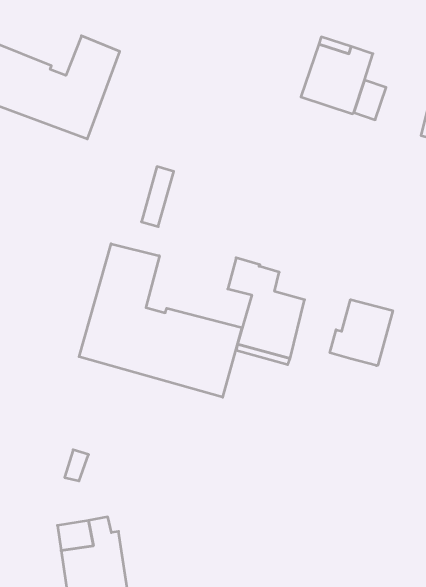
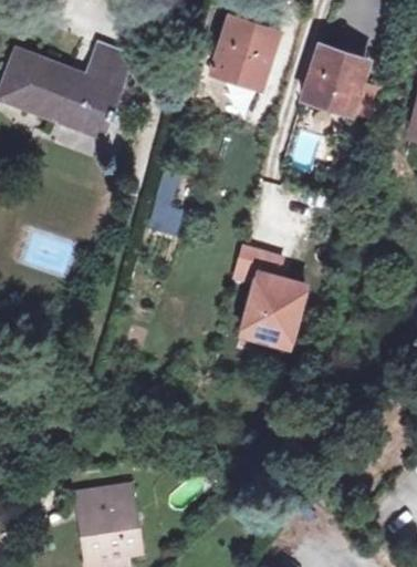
building: none -> [210,16,279,87]
building: [79,244,242,397] -> none
building: [330,300,393,366] -> none

